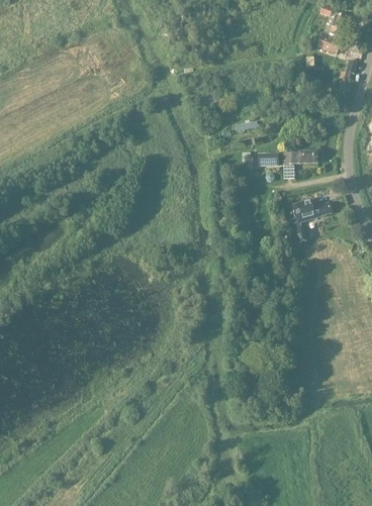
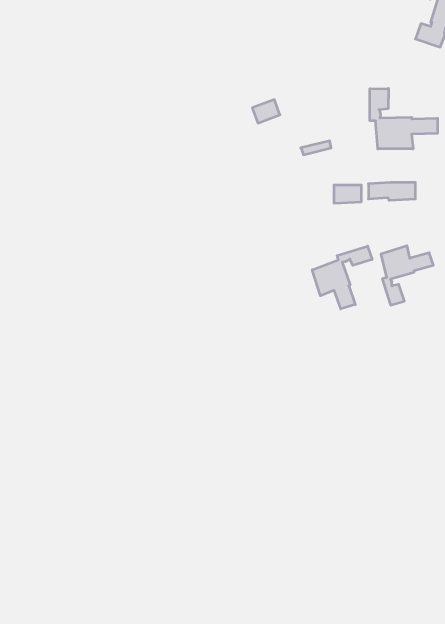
building: none -> [370,88,438,149]
building: none -> [312,246,372,309]

